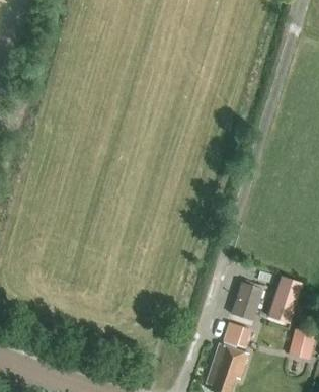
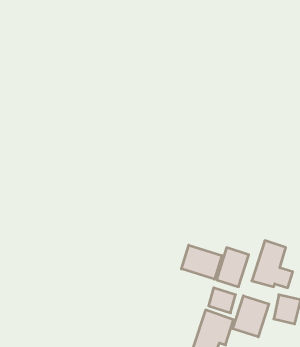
building: none -> [181,245,222,279]
building: none -> [233,296,269,337]

